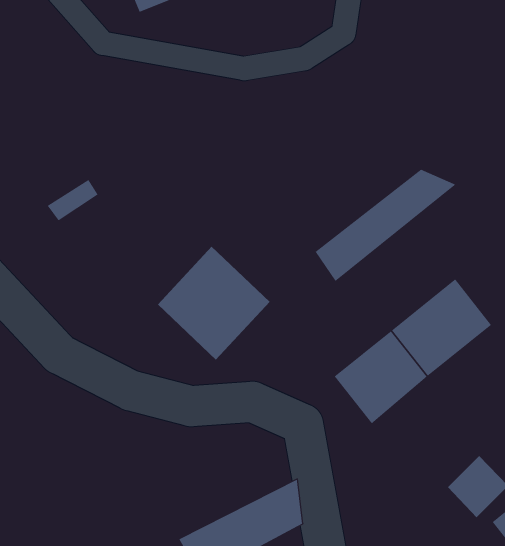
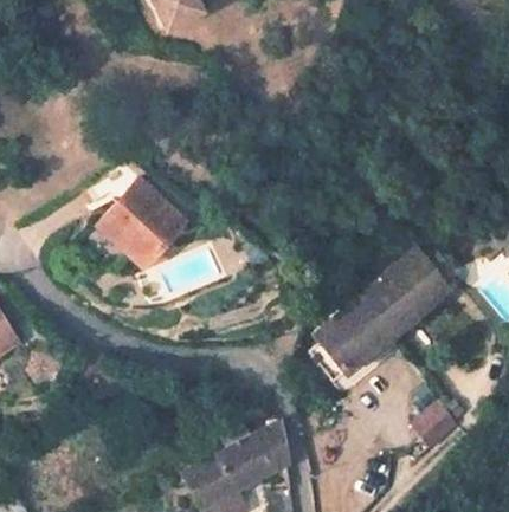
building: [315,169,456,282] -> none
building: [157,246,270,361] -> [90,184,186,281]

